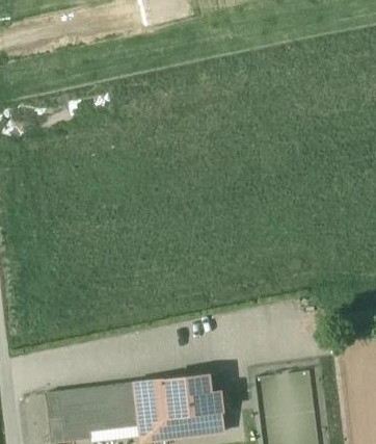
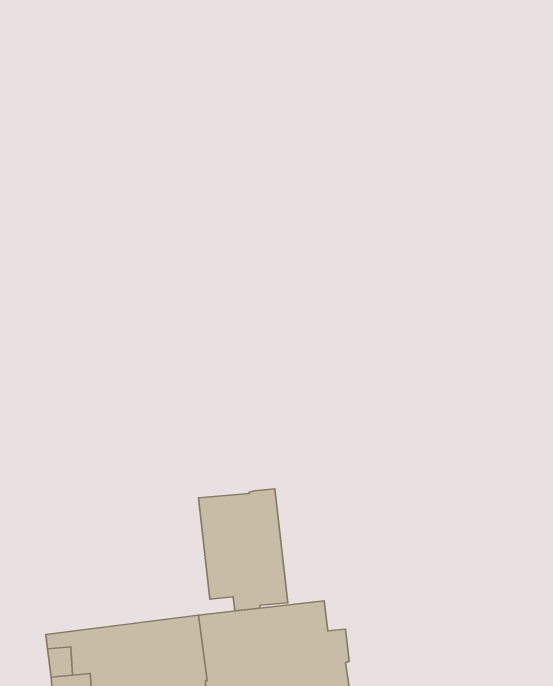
building: none -> [199,489,288,611]

